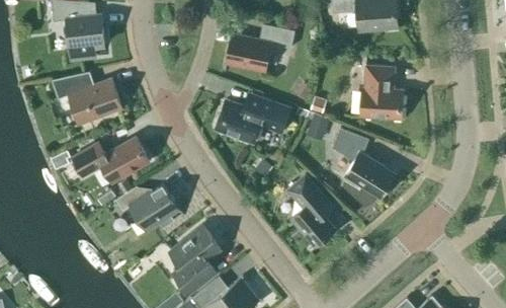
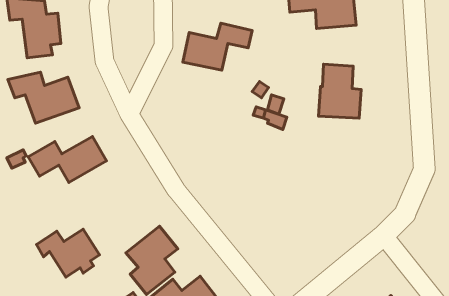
building: [215,93,290,143] -> none
building: [332,129,393,196] -> none
building: [287,174,335,246] -> none
building: [116,183,179,231] -> [36,229,100,277]

